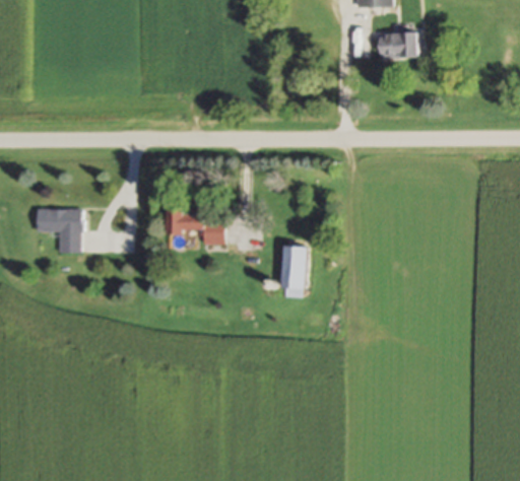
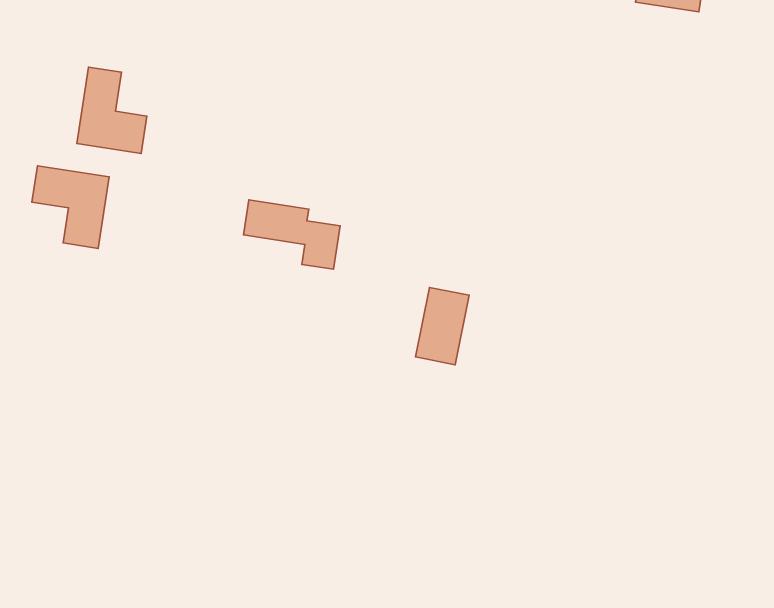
building: none -> [77,67,147,153]

